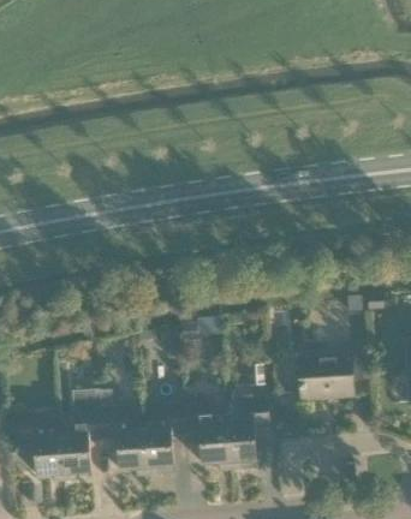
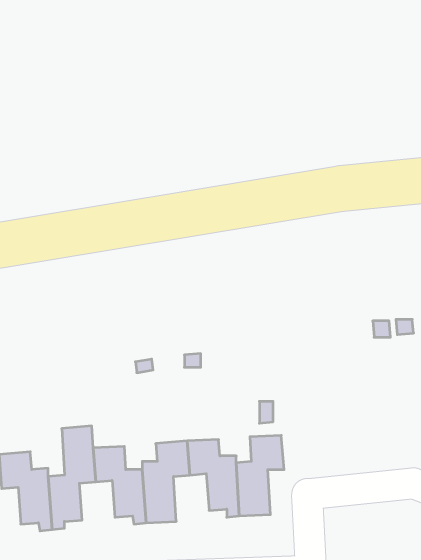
building: [299,347,370,400] -> none

